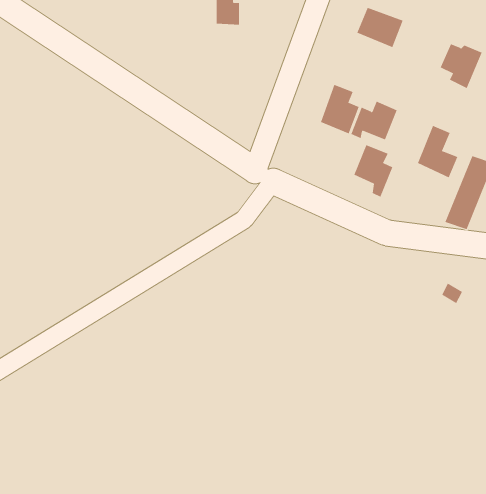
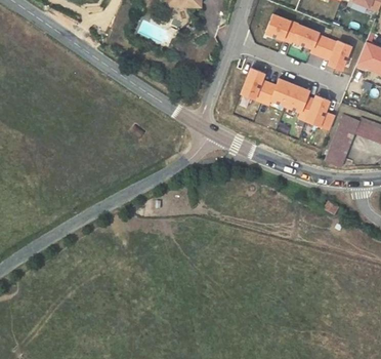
building: none -> [293,25,329,55]
building: [354,145,393,198] -> [287,84,313,120]

